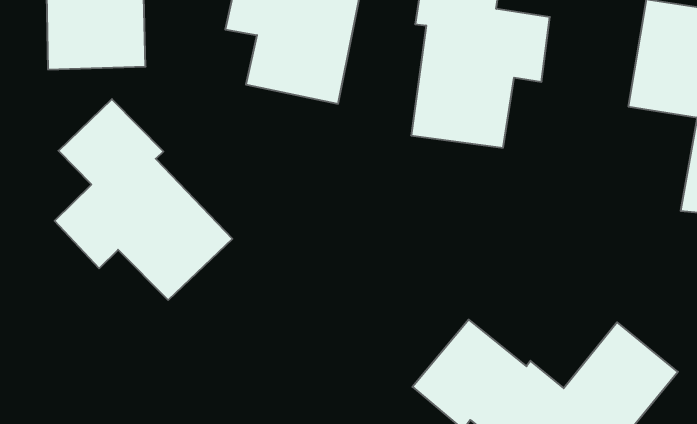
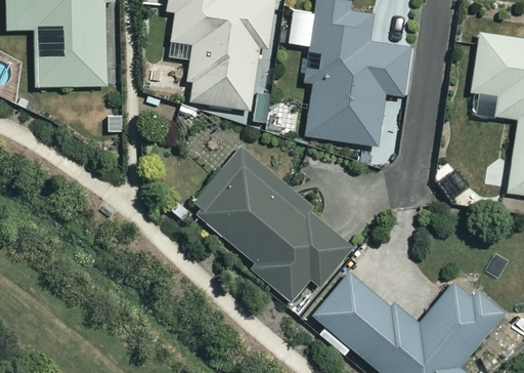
building: [55,99,232,300] -> none
building: none -> [191,146,349,306]

